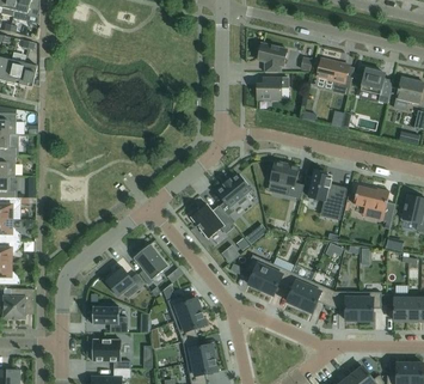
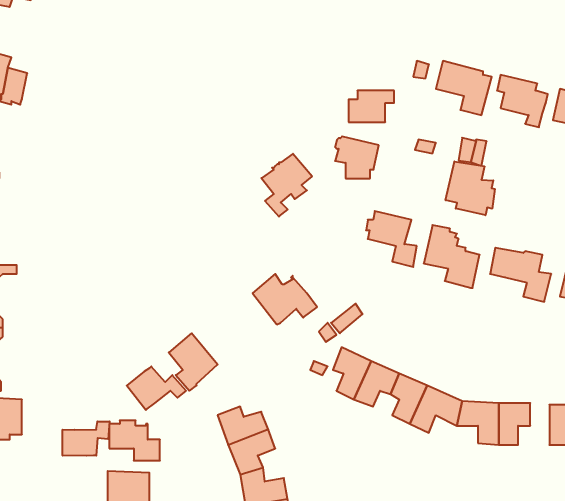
building: [257,43,287,72] -> [335,136,379,178]
building: none -> [446,161,495,215]
building: [216,173,251,217] -> [261,154,312,217]
building: none -> [63,421,110,456]

